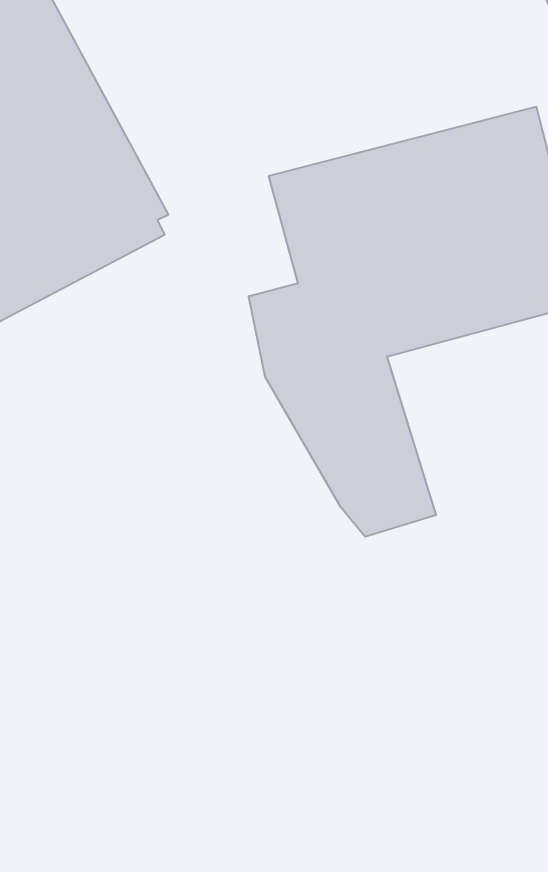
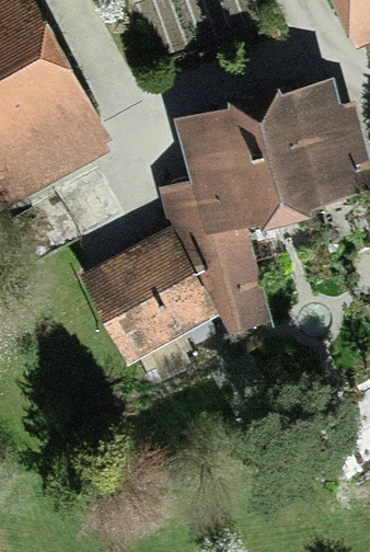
building: none -> [84,237,213,388]

